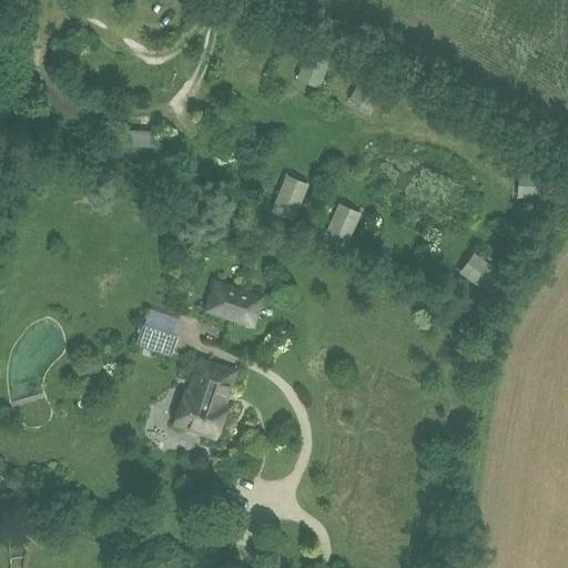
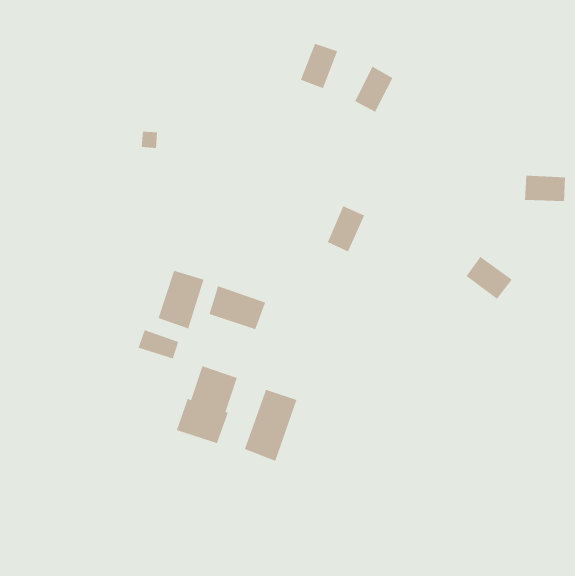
building: [271,174,308,220] -> none
building: none -> [157,270,204,330]
building: none -> [244,389,297,462]

